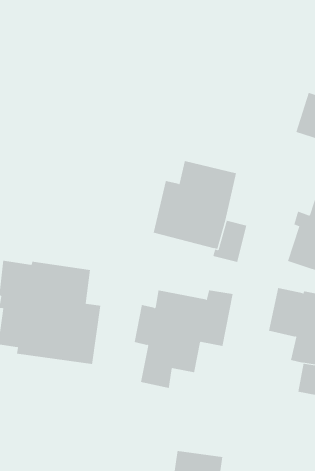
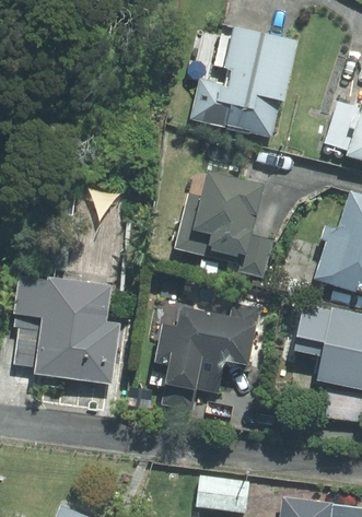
building: none -> [190,27,297,138]

